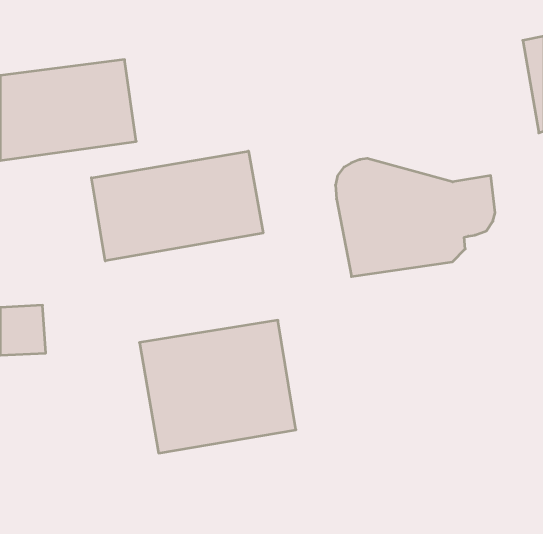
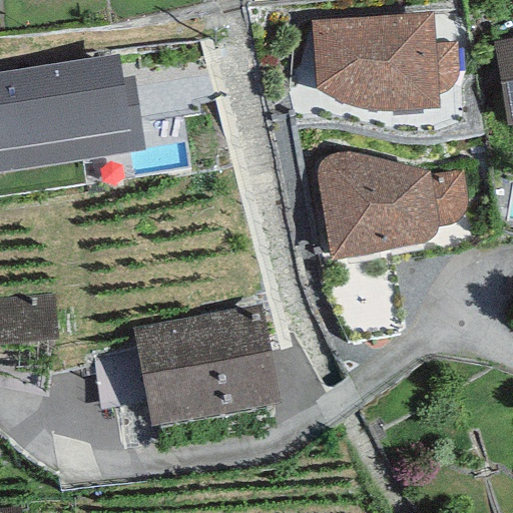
building: none -> [311,12,459,116]
building: [91,151,263,261] -> none

